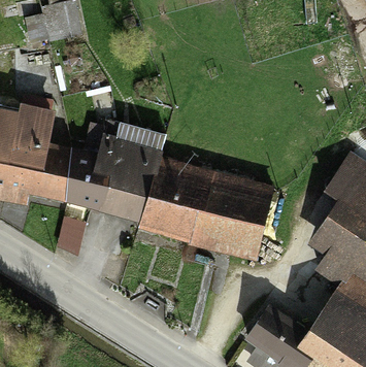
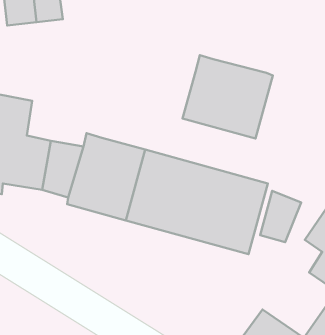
building: none -> [183,55,273,139]
building: [118,123,164,156] -> none
building: none -> [260,191,301,242]

